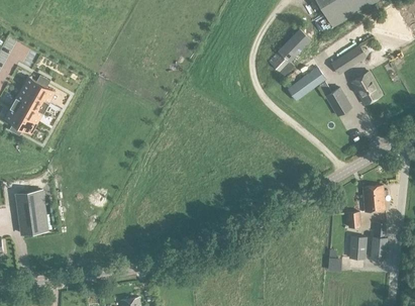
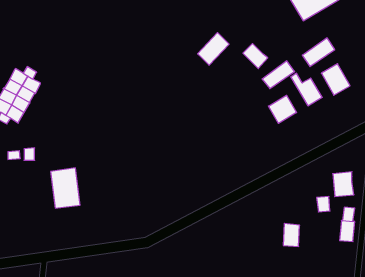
building: [278,26,311,61] -> [198,33,229,65]
building: none -> [268,95,297,123]
building: [16,191,47,233] -> [51,168,80,208]
building: [349,234,367,259] -> [283,223,300,246]

